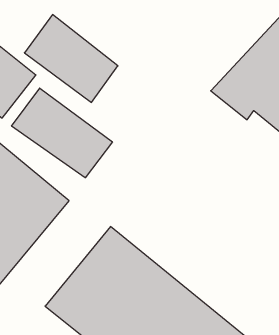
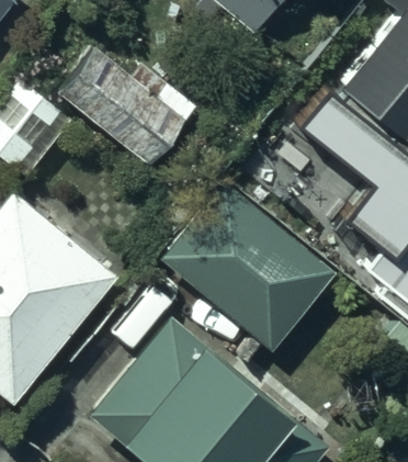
building: [12,88,112,178] -> none
building: none -> [175,196,336,357]

